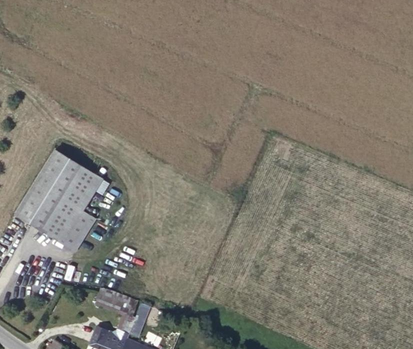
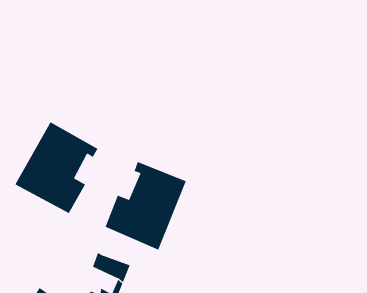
building: none -> [105,161,186,250]

